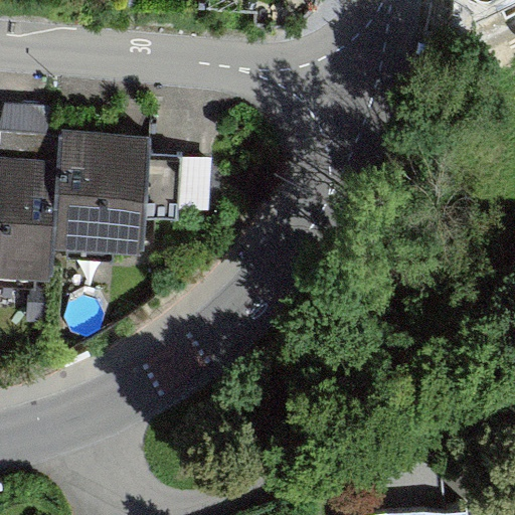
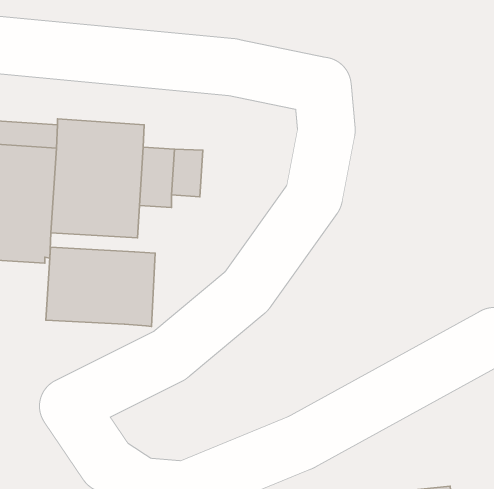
building: none -> [46,247,155,327]

